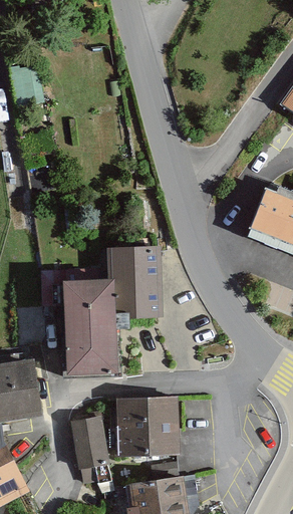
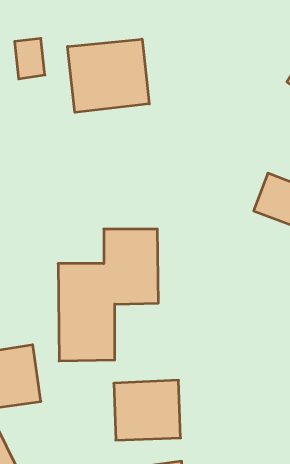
building: none -> [68,39,149,112]
building: [69,417,110,472] -> none

